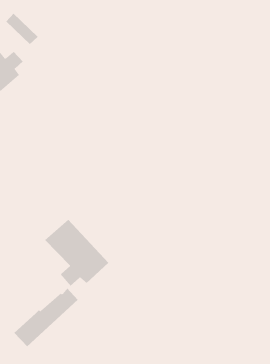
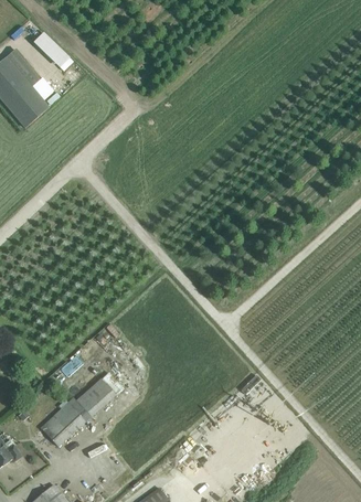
building: [44,219,109,287] -> none

